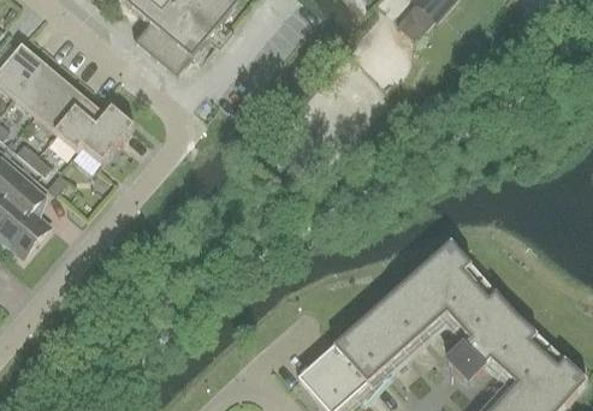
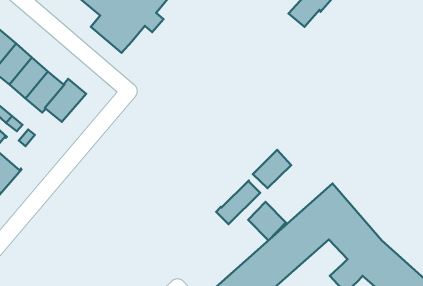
building: none -> [253,150,291,188]
building: none -> [216,180,260,224]
building: none -> [248,202,286,240]

